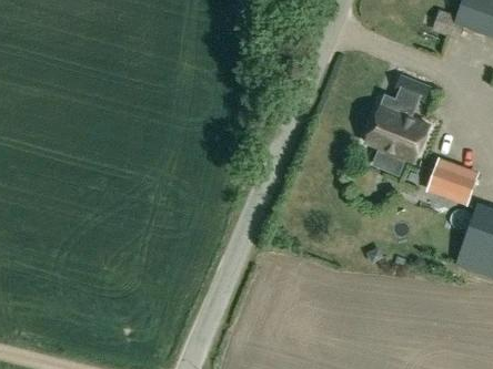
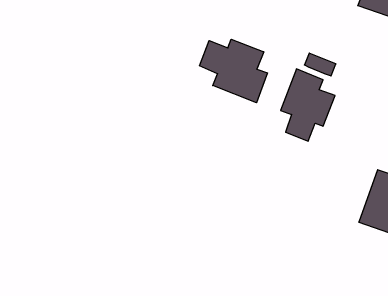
building: none -> [199,39,267,103]
building: [429,161,476,204] -> none

